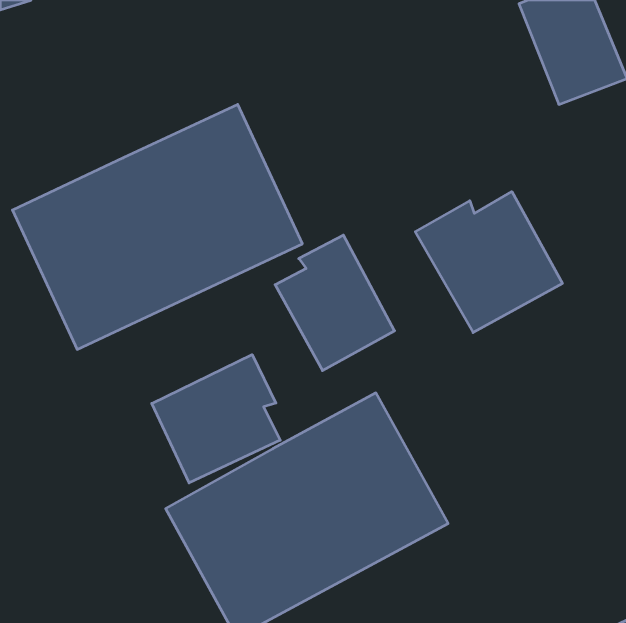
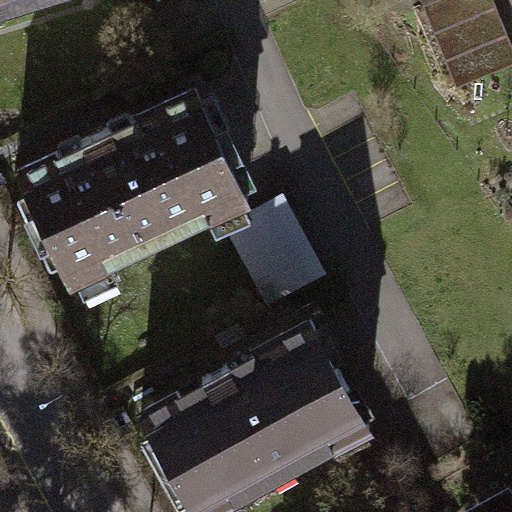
building: [415,192,562,333] -> none
building: [152,355,280,483] -> none

